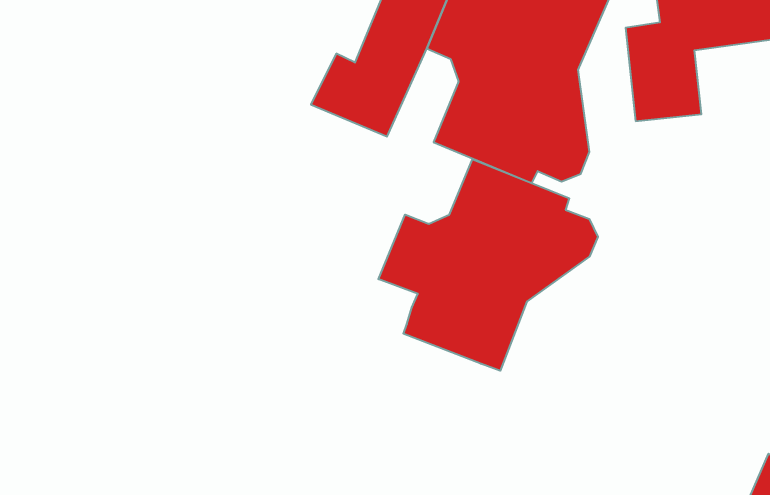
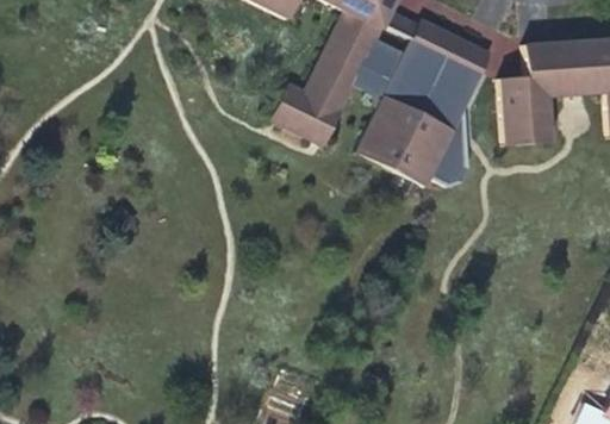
building: [378,159,598,371] -> none

